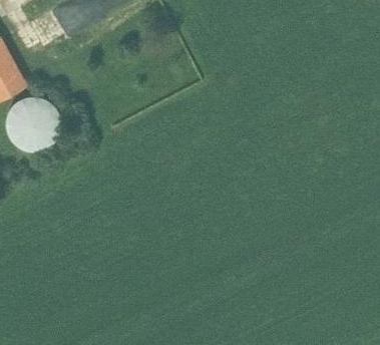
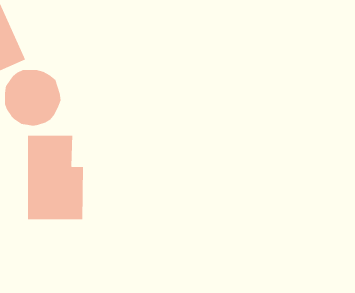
building: none -> [27,135,84,220]

